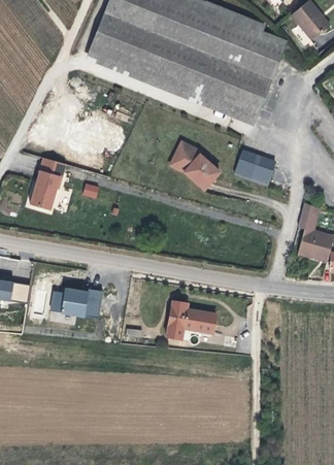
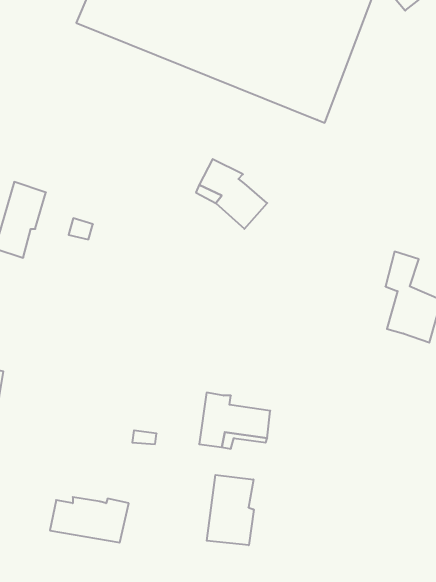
building: [233,150,274,186] -> none
building: [55,290,108,321] -> [50,497,129,543]
building: none -> [207,475,254,545]

